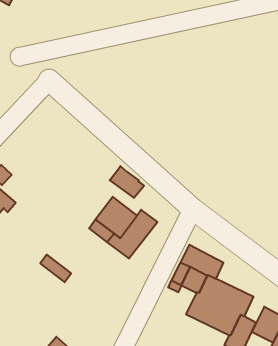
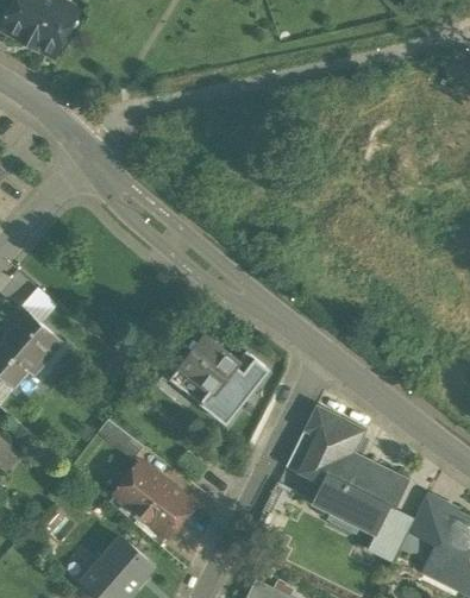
building: [110,166,144,198] -> none
building: none -> [115,464,192,535]

